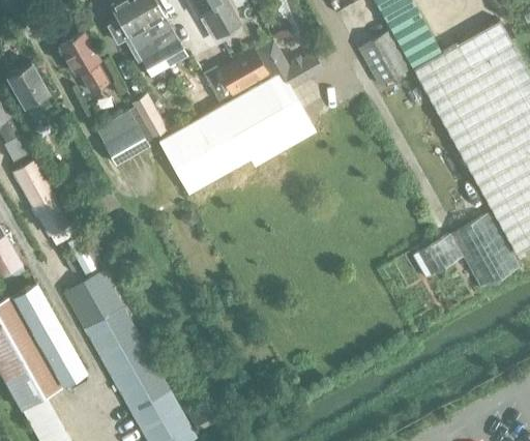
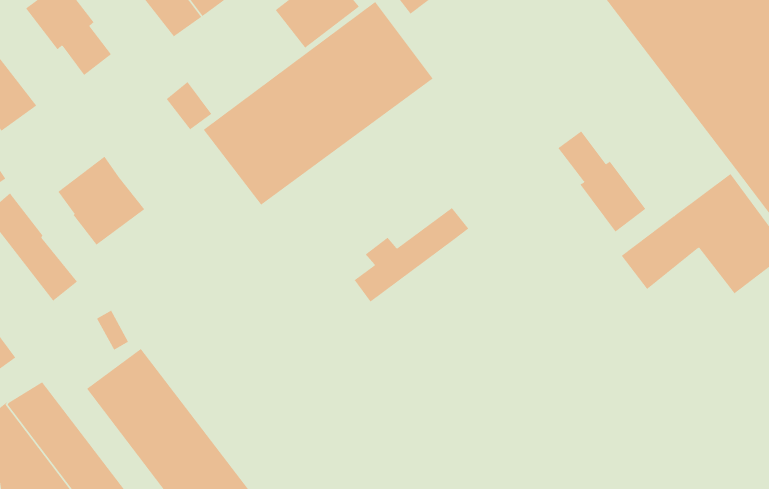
building: [96,111,150,167] -> [57,156,145,246]
building: none -> [558,130,646,233]
building: none -> [354,207,469,303]

